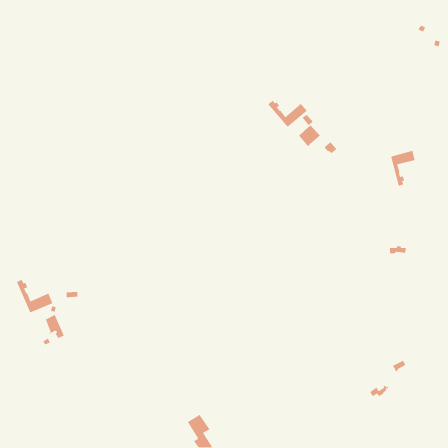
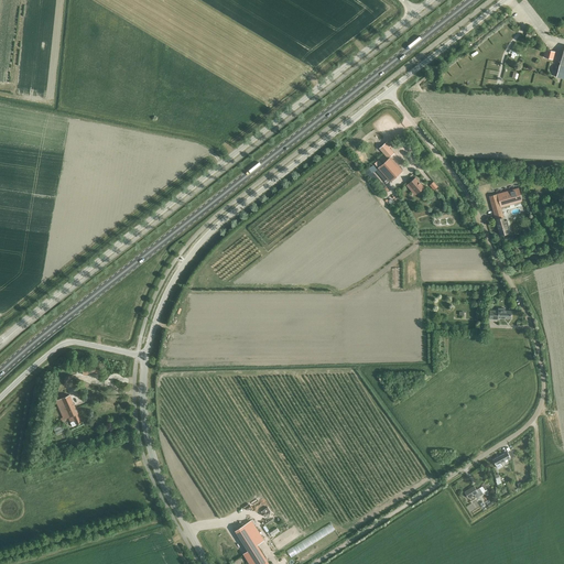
building: [267,100,308,128] -> none
building: [16,279,54,314] -> none

